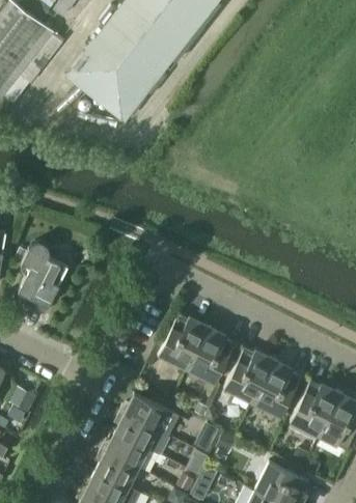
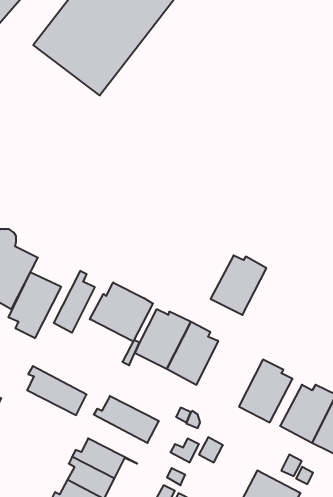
building: none -> [54,271,95,333]
building: none -> [8,272,61,338]
building: none -> [90,282,153,341]
building: [223,350,274,403] -> [211,255,266,315]
building: [115,411,169,455] -> [27,366,87,415]

